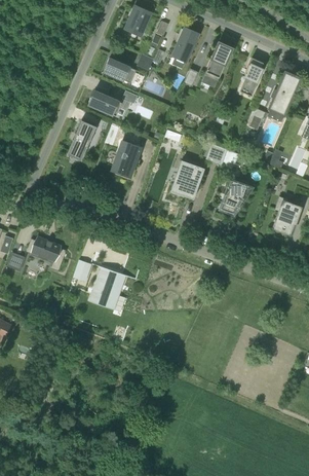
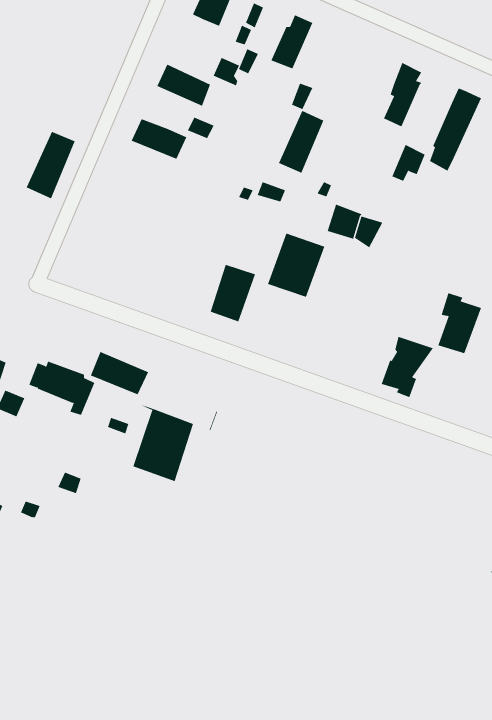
building: [203,43,231,81] -> [278,110,324,173]
building: [66,120,95,161] -> [26,131,75,199]
building: [112,142,140,177] -> [210,264,256,322]
building: [219,180,250,217] -> [381,336,434,398]
building: none -> [90,351,149,395]

